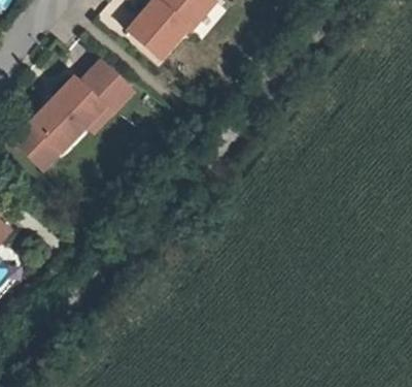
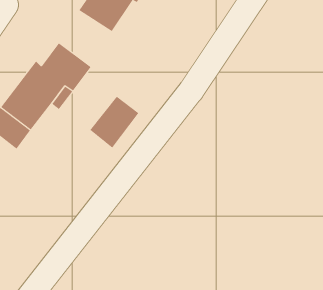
building: none -> [89,96,139,148]

